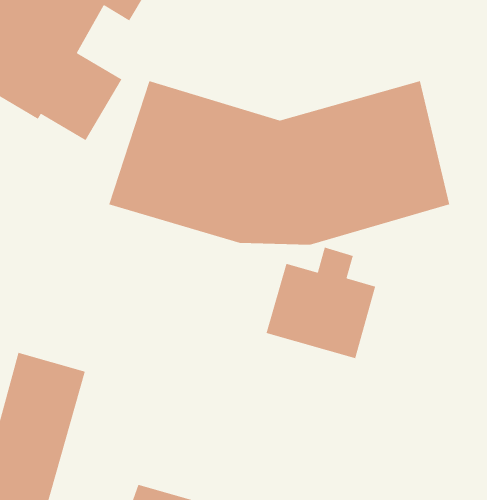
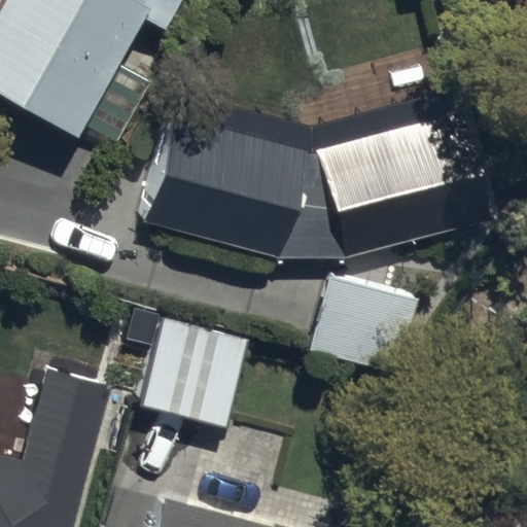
building: none -> [129,322,243,434]

